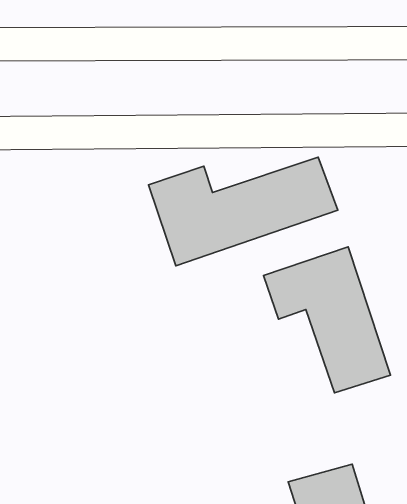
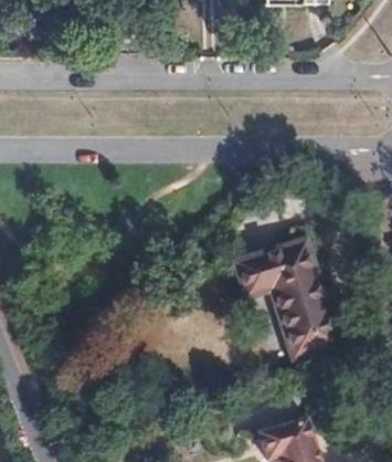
building: [149,157,338,266] -> none

